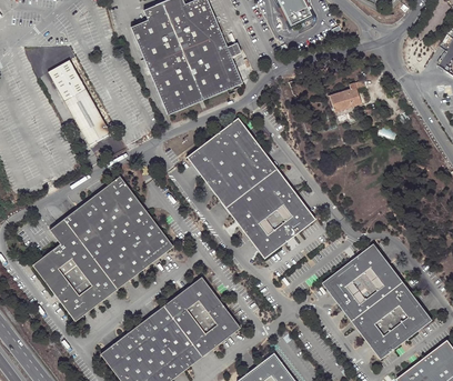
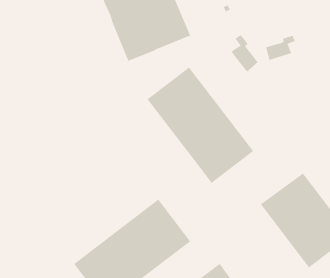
building: [47,58,109,144] -> none
building: none -> [230,34,259,72]
building: [31,176,172,320] -> none

